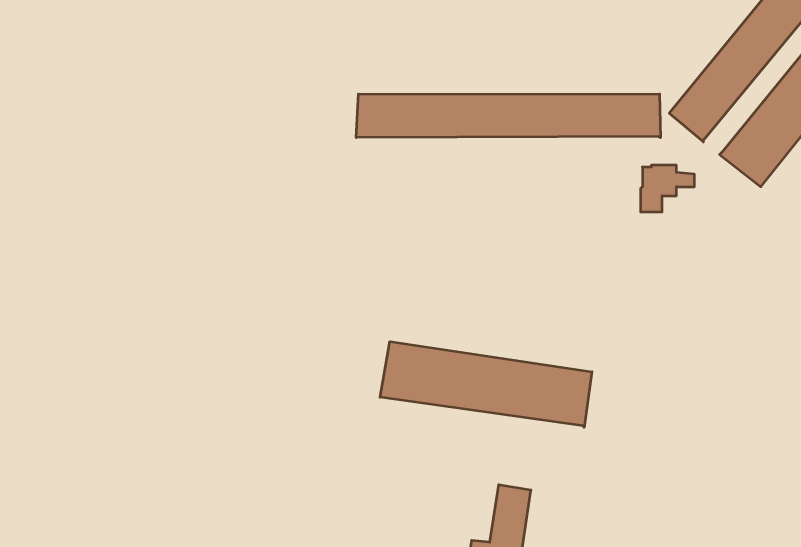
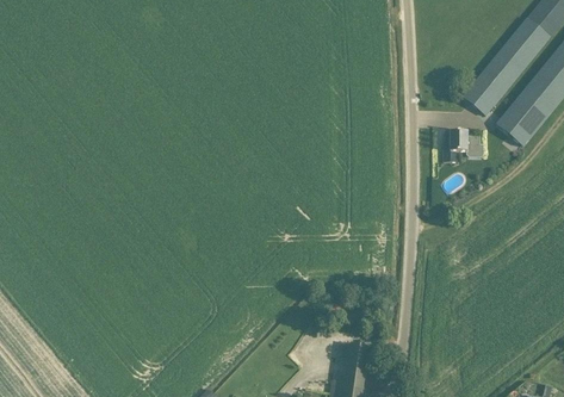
building: [356,94,660,138] -> none
building: [380,342,592,427] -> none

